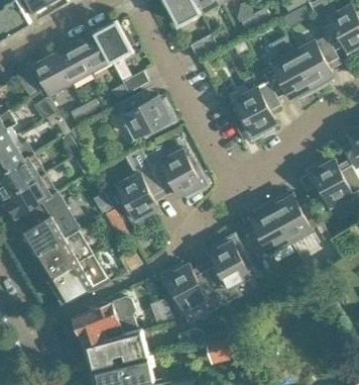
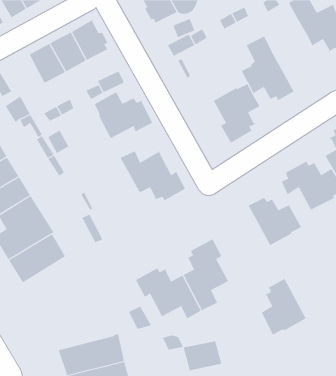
building: [292,36,338,91] -> none
building: [33,55,70,94] -> none
building: [116,149,162,226] -> none
building: [245,202,289,258] -> [261,278,307,335]
building: [47,252,106,302] -> none
building: [73,297,137,344] -> none

